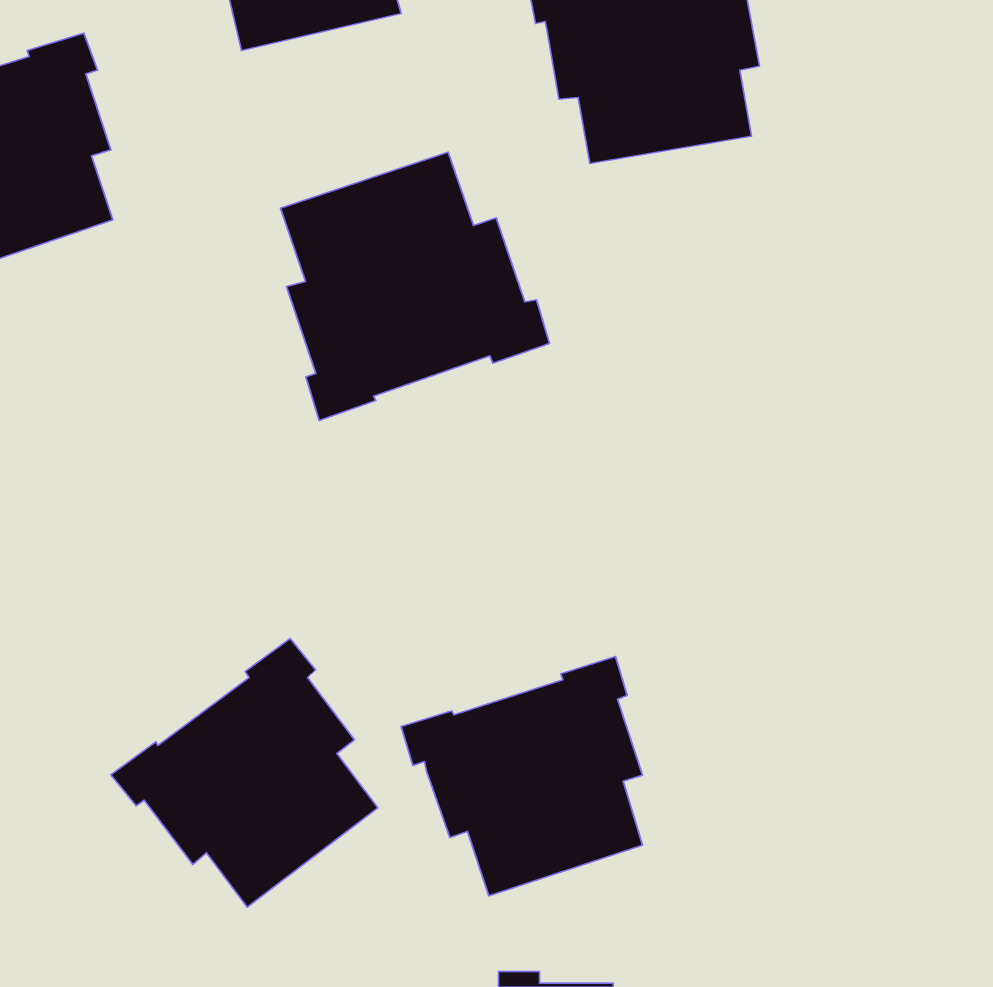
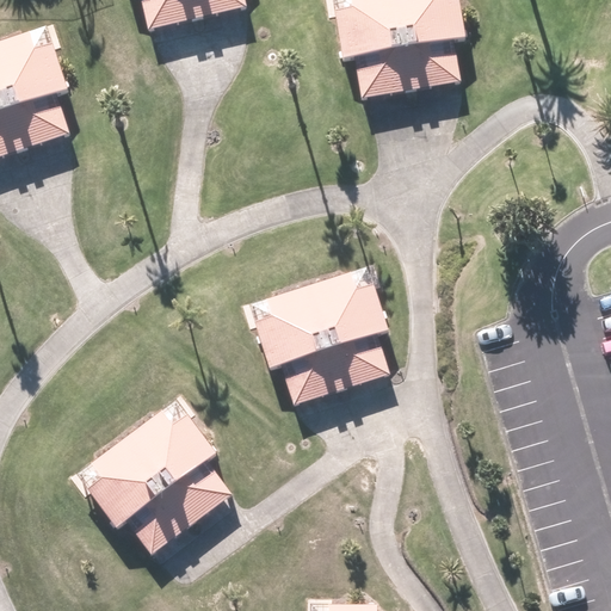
building: [280,152,550,420] -> none
building: [401,656,643,896] -> [241,260,389,407]

